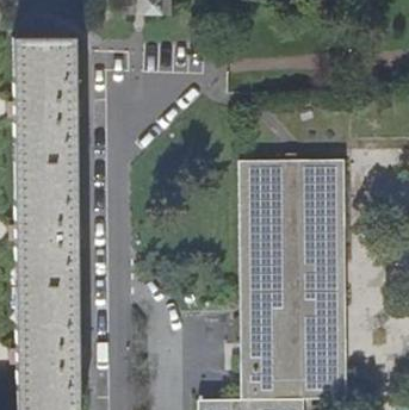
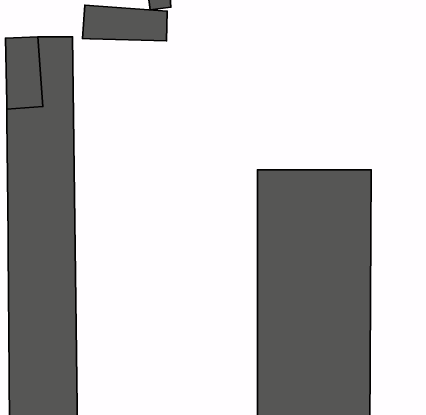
building: none -> [82,5,167,41]

